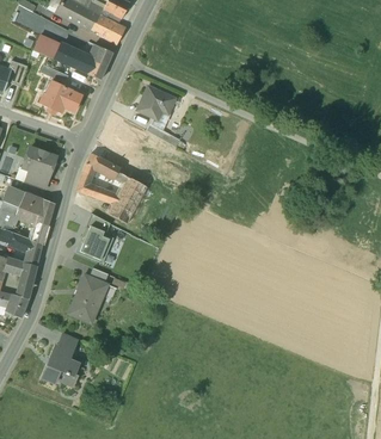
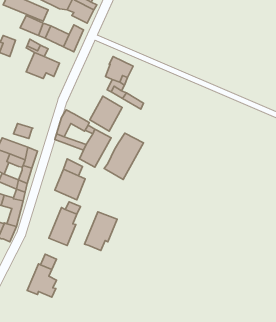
building: none -> [90,96,122,131]
building: [21,147,55,177] -> none
building: none -> [104,133,143,179]
building: none -> [84,212,117,250]

